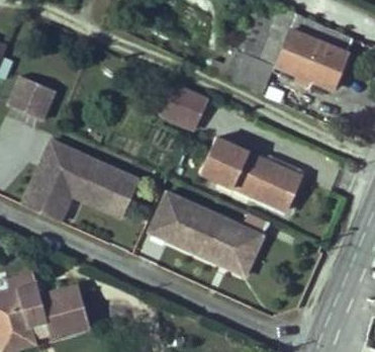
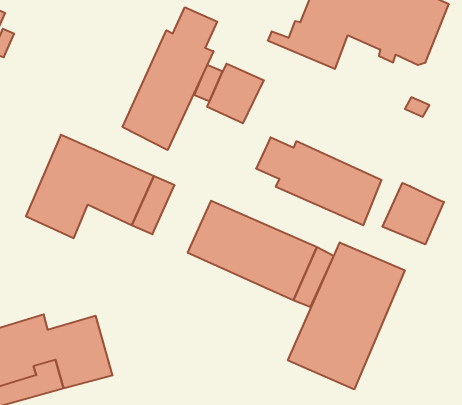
building: none -> [123,7,217,150]
building: [8,75,55,119] -> none
building: none -> [383,183,444,244]
building: none -> [288,242,405,389]

